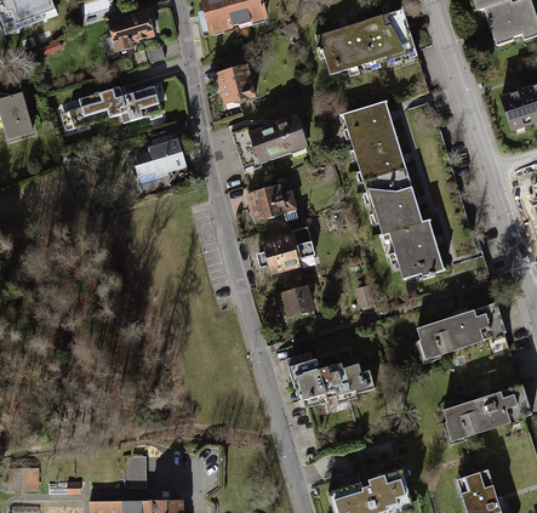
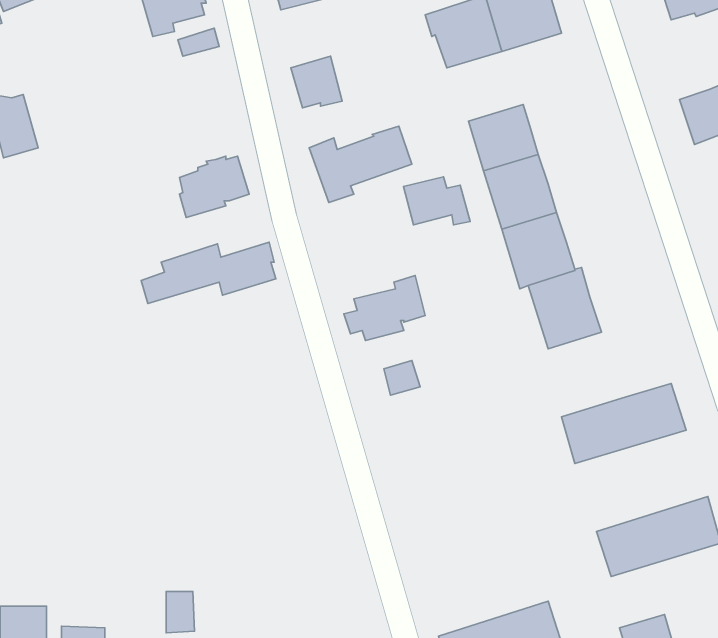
building: [63,85,161,130] -> [141,242,276,304]
building: [248,186,297,221] -> [404,177,470,225]
building: [286,357,376,412] -> none

